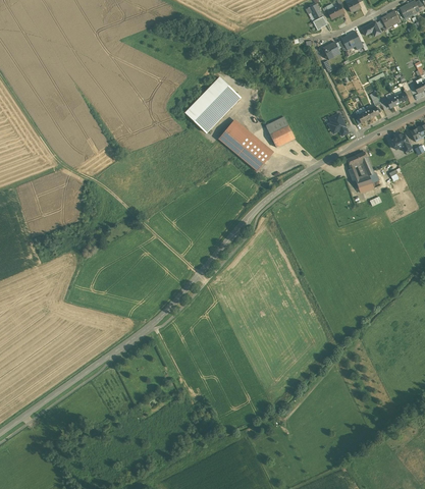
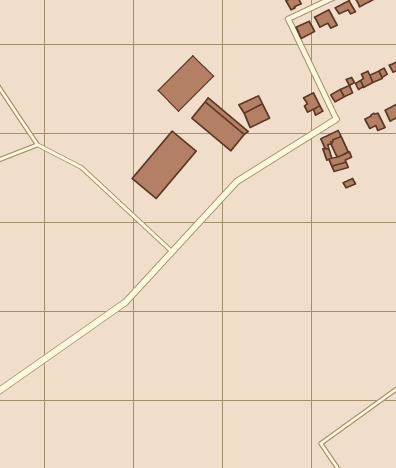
building: none -> [132,131,196,199]

